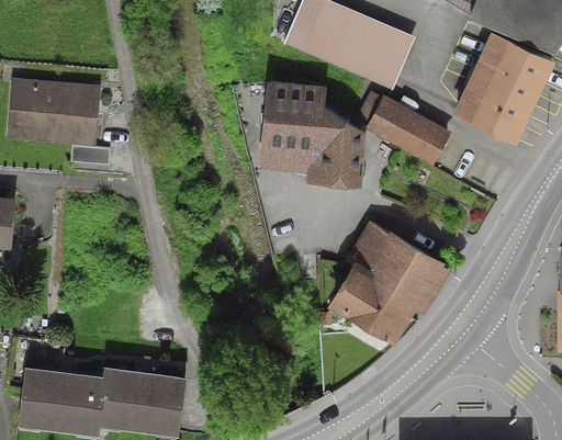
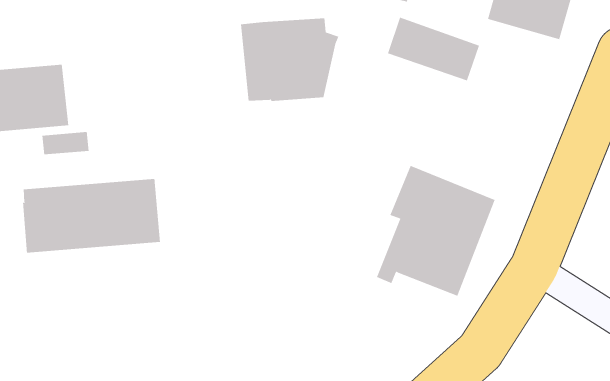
building: [308,112,361,177] -> none
building: none -> [22,178,160,254]

